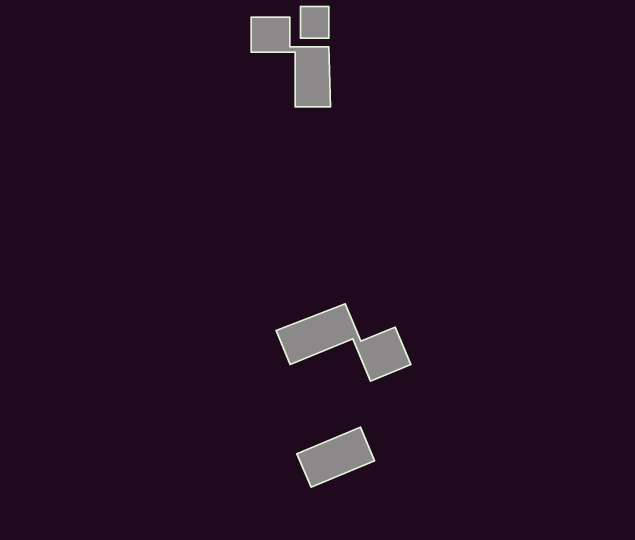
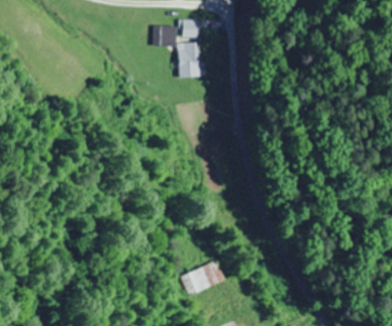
building: [276,304,411,381] -> none

